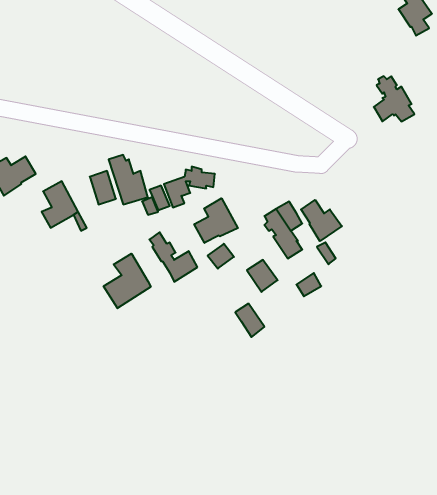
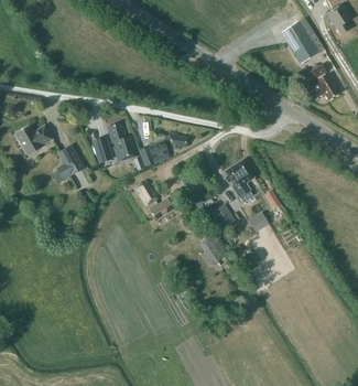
building: none -> [282,21,318,63]
building: [194,198,238,243] -> none
building: [301,200,342,241] -> none
building: [104,254,151,308] -> none

